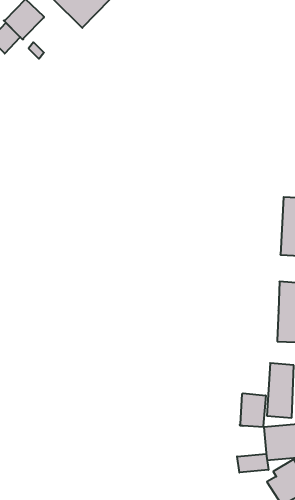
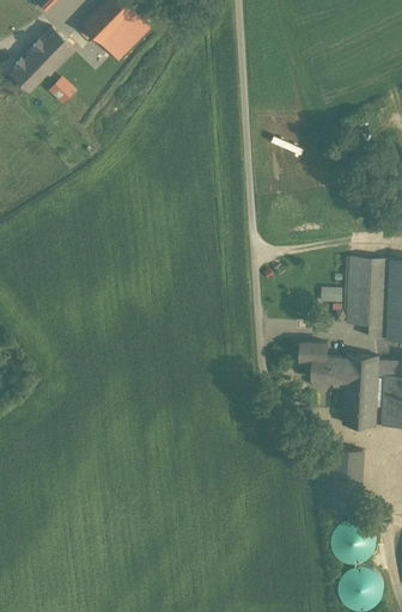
building: none -> [300,342,346,388]
building: [240,393,266,427] -> none
building: [237,454,268,473] -> none

